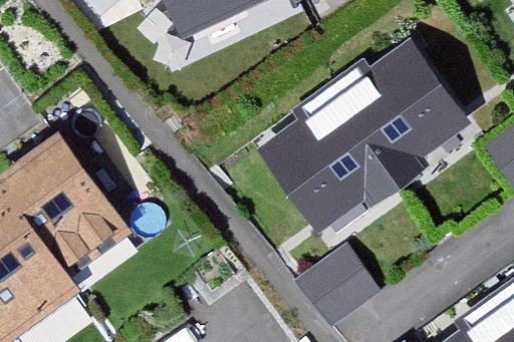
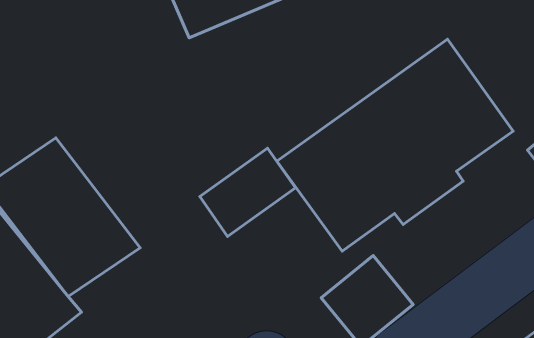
building: none -> [200,148,295,236]

